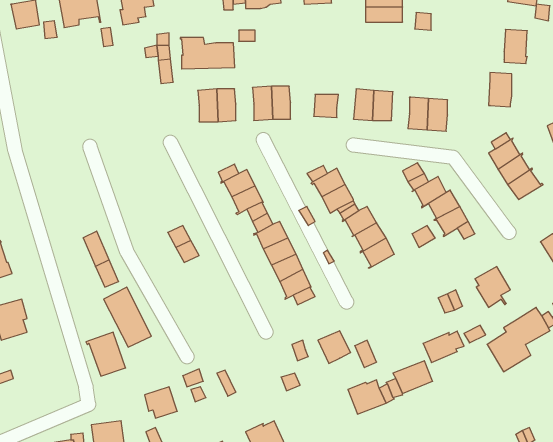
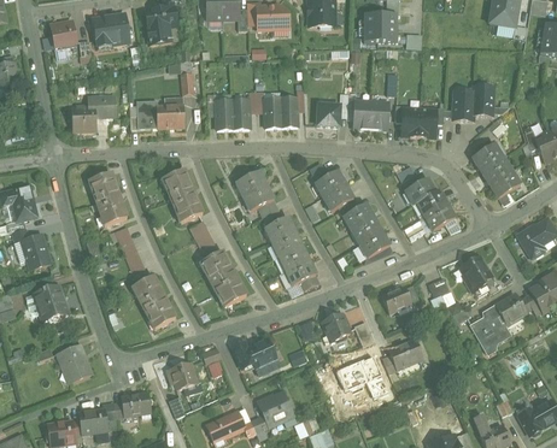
building: [504,29,527,64] -> [453,90,474,120]
building: [180,38,235,69] -> [136,100,184,128]
building: none -> [69,96,116,130]
building: none -> [163,169,203,222]
building: none -> [89,171,128,224]
building: none -> [200,250,246,307]
building: [423,331,464,363] -> [382,285,418,313]
building: [86,332,126,376] -> [55,343,90,382]
building: none -> [246,341,281,370]

